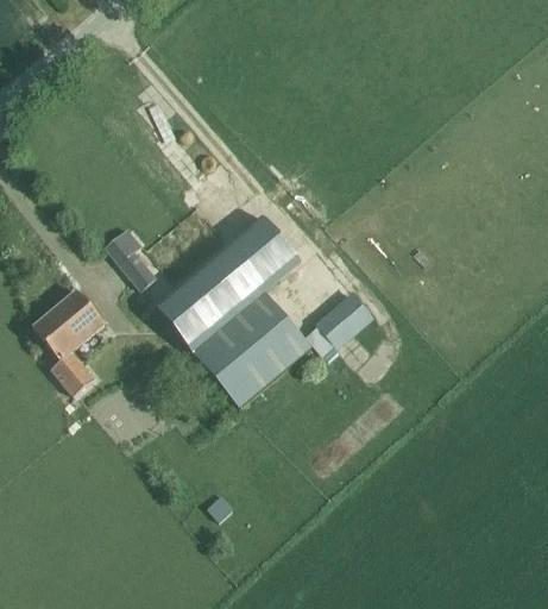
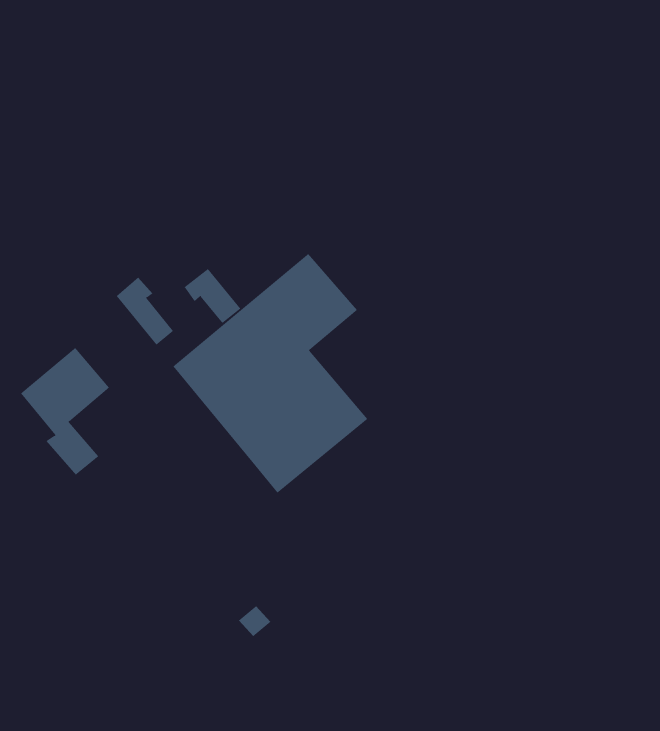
building: none -> [184,268,241,324]
building: [308,289,377,358] -> none

